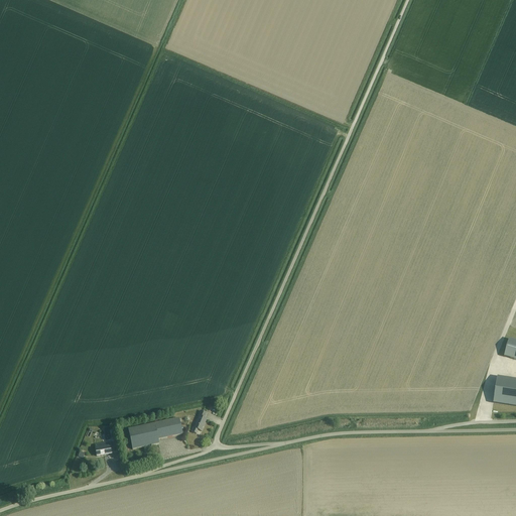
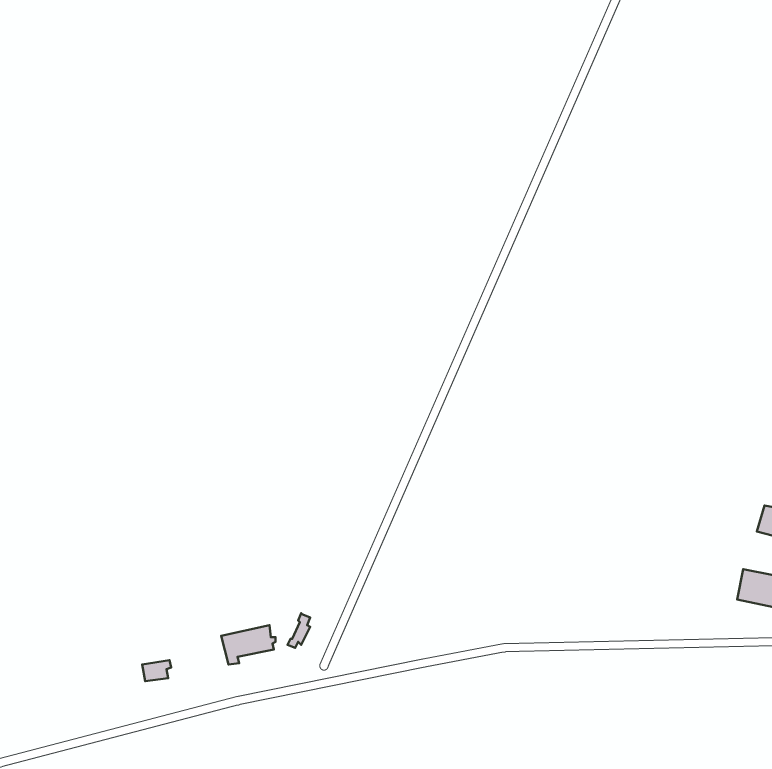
building: [129,423,153,447] -> none

